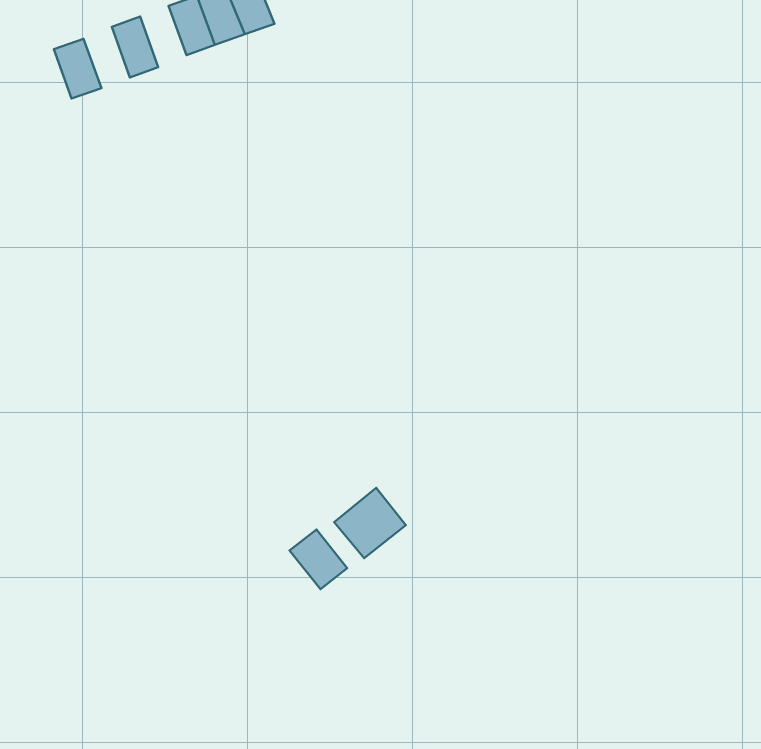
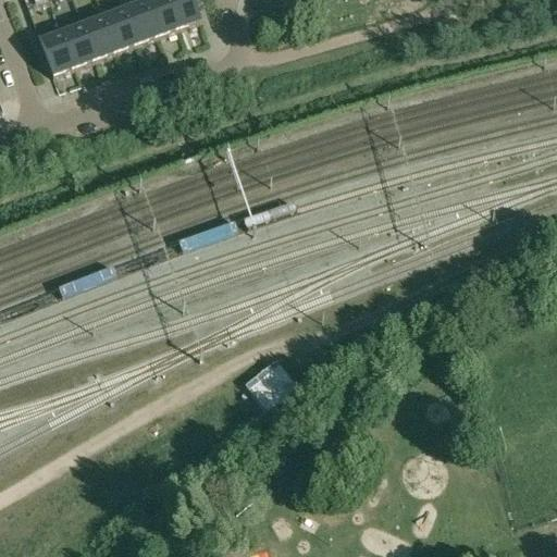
building: none -> [102,4,136,49]
building: none -> [61,20,95,64]
building: [290,530,347,589] -> none

